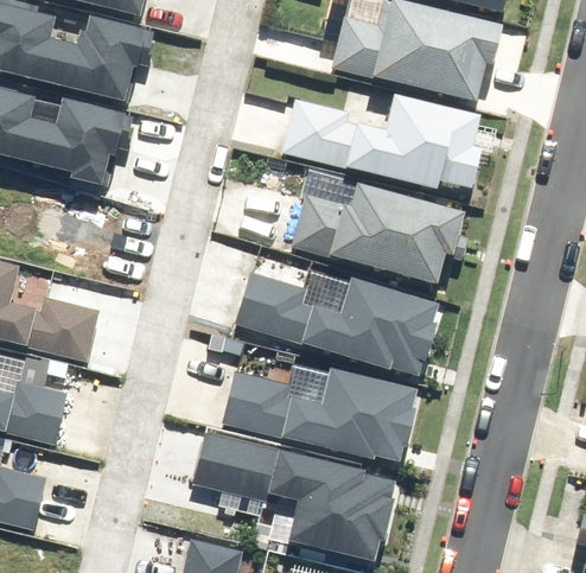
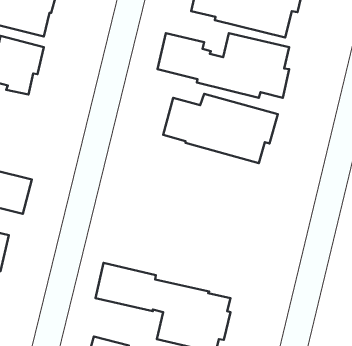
building: [238,269,433,376] -> none
building: [225,368,413,461] -> none

